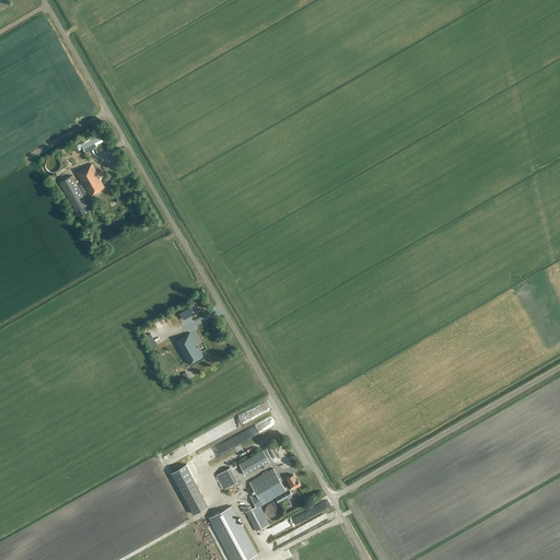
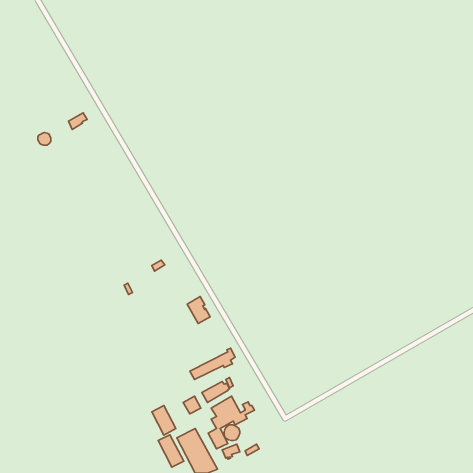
building: [59,164,104,211] -> none
building: [175,332,202,364] -> [187,297,210,323]
building: none -> [158,435,184,467]

